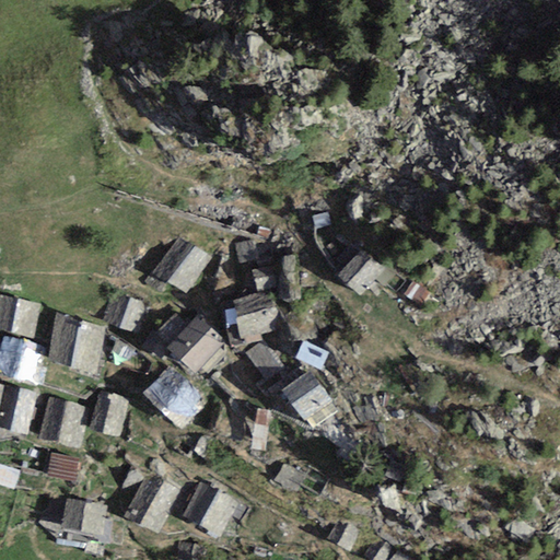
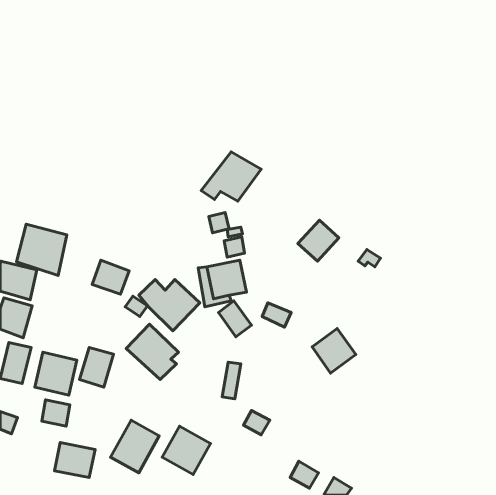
building: [144,237,212,293] -> [201,152,261,201]
building: [47,316,104,374] -> [16,224,67,276]
building: [282,370,331,420] -> [312,328,356,373]

